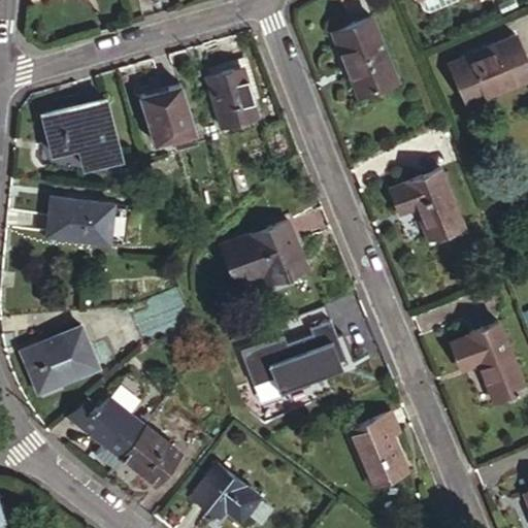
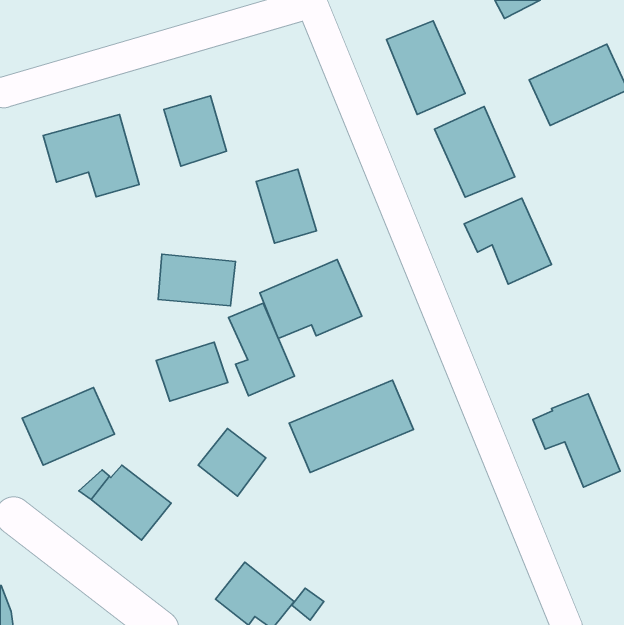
building: [207,66,258,128] -> [256,169,316,243]
building: none -> [434,107,515,197]
building: [47,198,112,241] -> [158,254,236,306]
building: none -> [228,303,294,396]
building: [349,416,408,490] -> none
building: [123,425,179,482] -> [198,428,266,496]

